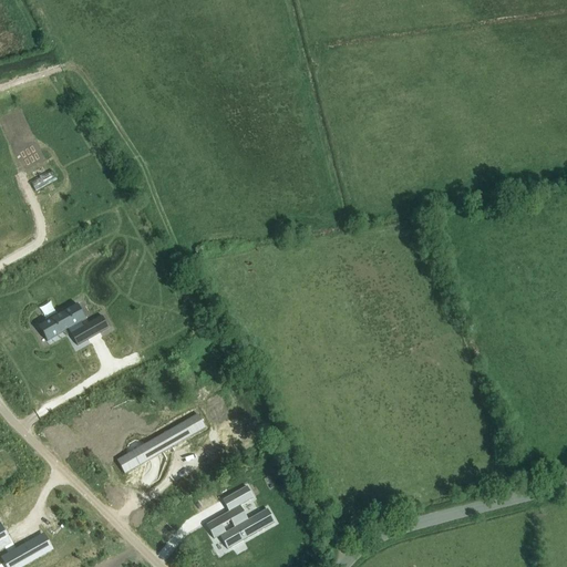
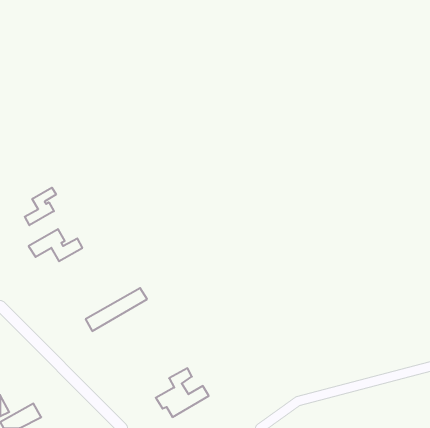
building: none -> [25,188,56,225]
building: [115,417,196,474] -> [86,288,147,331]

